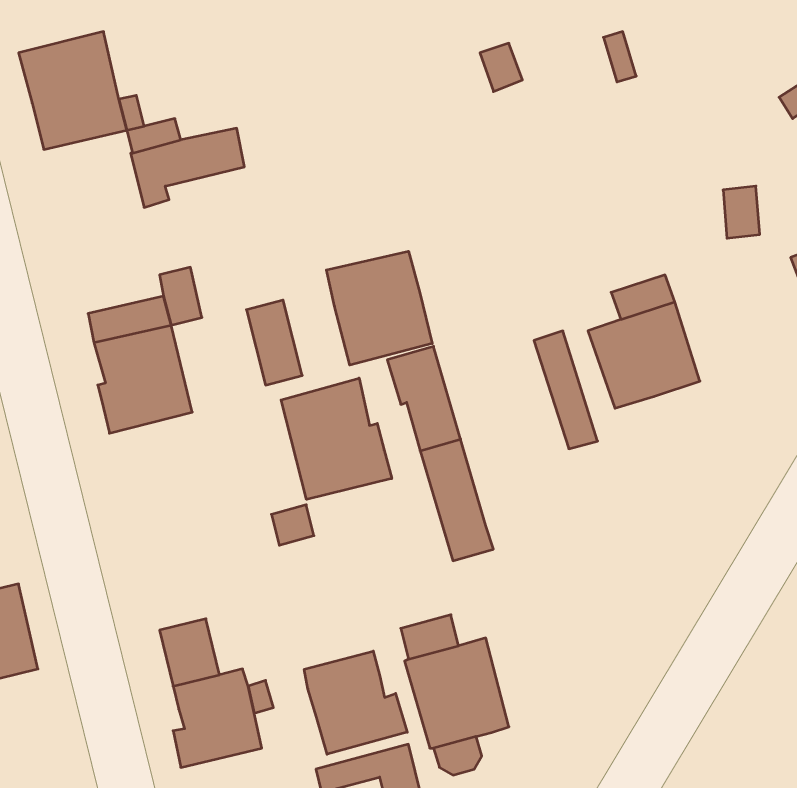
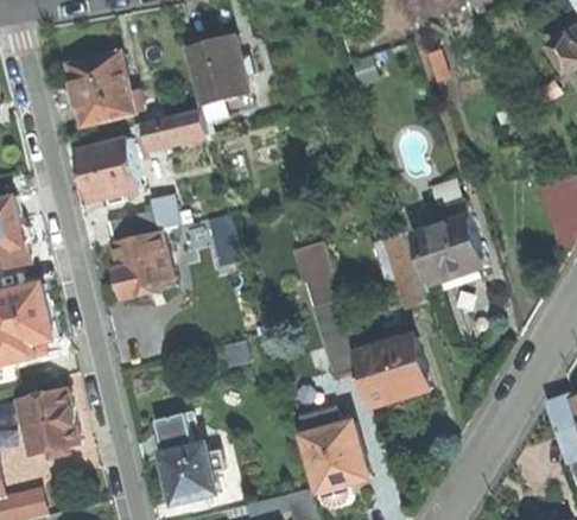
building: none -> [189,36,249,106]
building: none -> [76,138,137,203]
building: [326,251,432,365] -> none
building: [281,378,392,499] -> none
building: none -> [353,336,427,405]
building: [304,651,407,754] -> none

